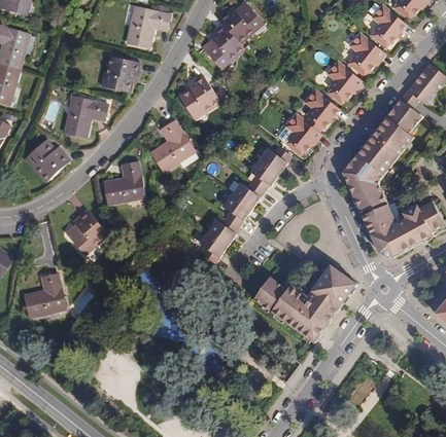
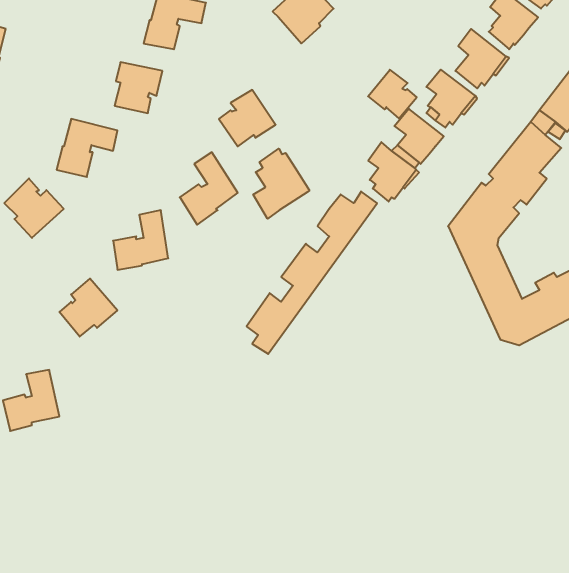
building: [202,25,242,66] -> none
building: none -> [368,70,417,119]
building: none -> [253,149,309,219]
building: [241,265,356,342] -> none

